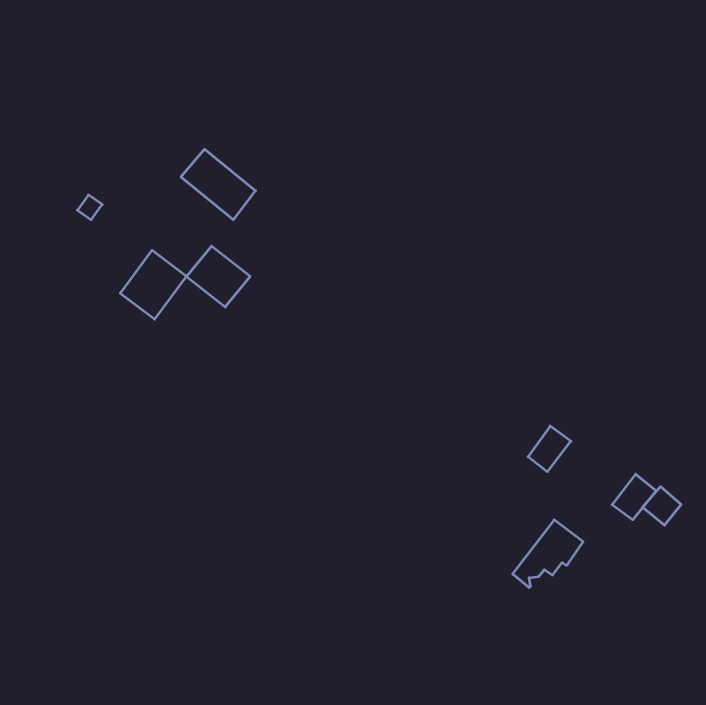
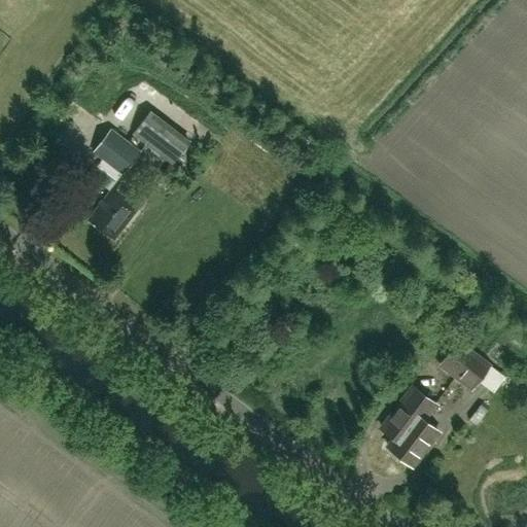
building: [187,246,250,307] -> [95,129,142,174]
building: [528,426,571,472] -> [442,343,473,377]
building: none -> [388,420,438,466]

